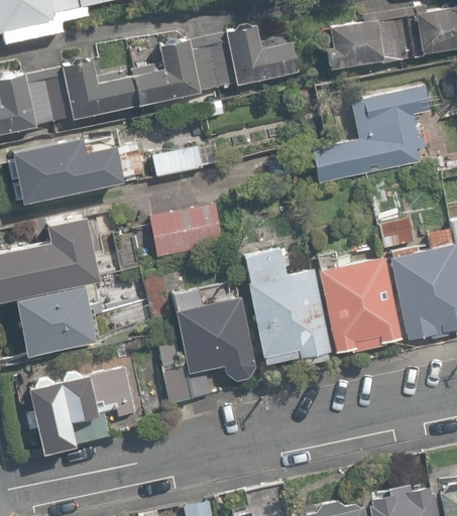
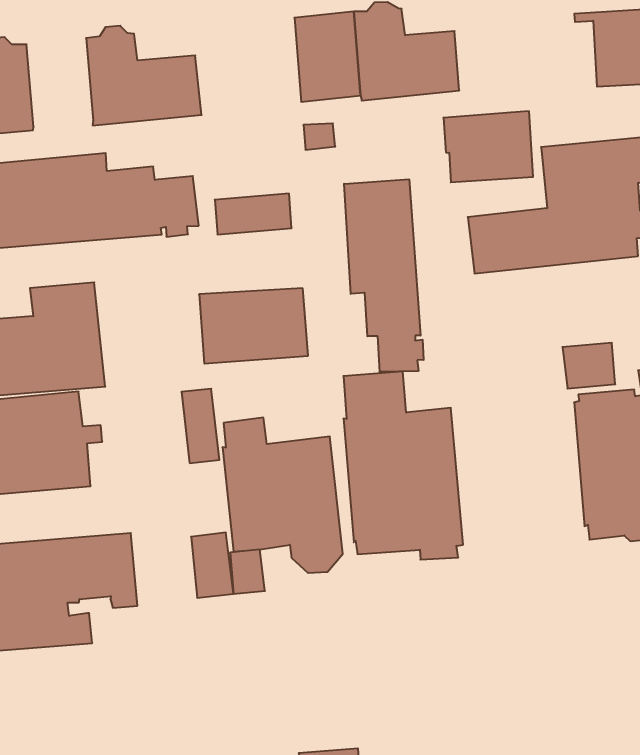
building: [322,20,381,70] -> [443,111,533,182]
building: [131,37,201,106] -> none
building: [26,67,73,125] -> none
building: none -> [344,179,424,372]
building: [319,257,402,354] -> none

